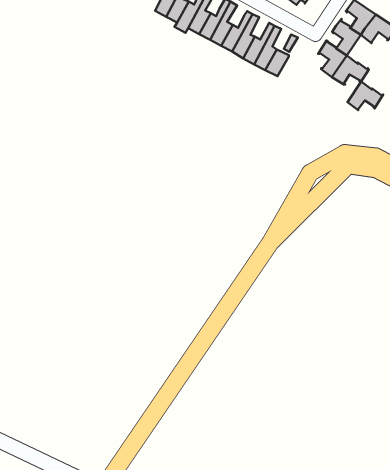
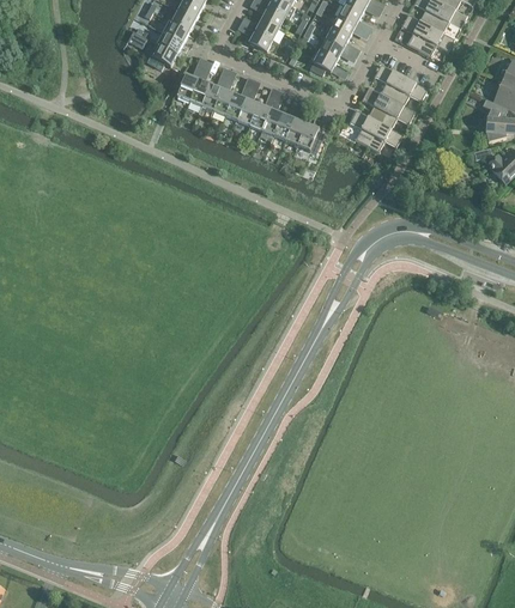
building: [347,82,383,110] -> [380,98,416,128]

